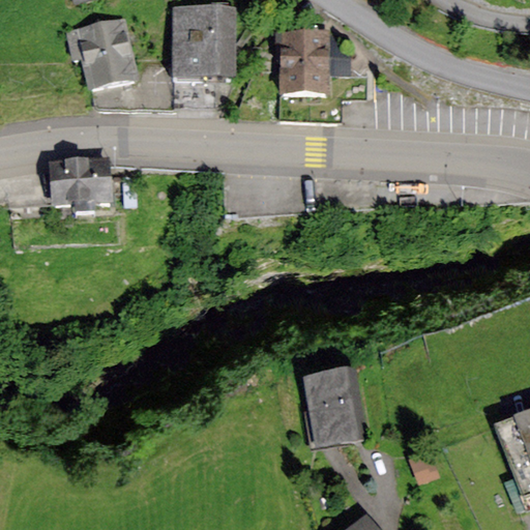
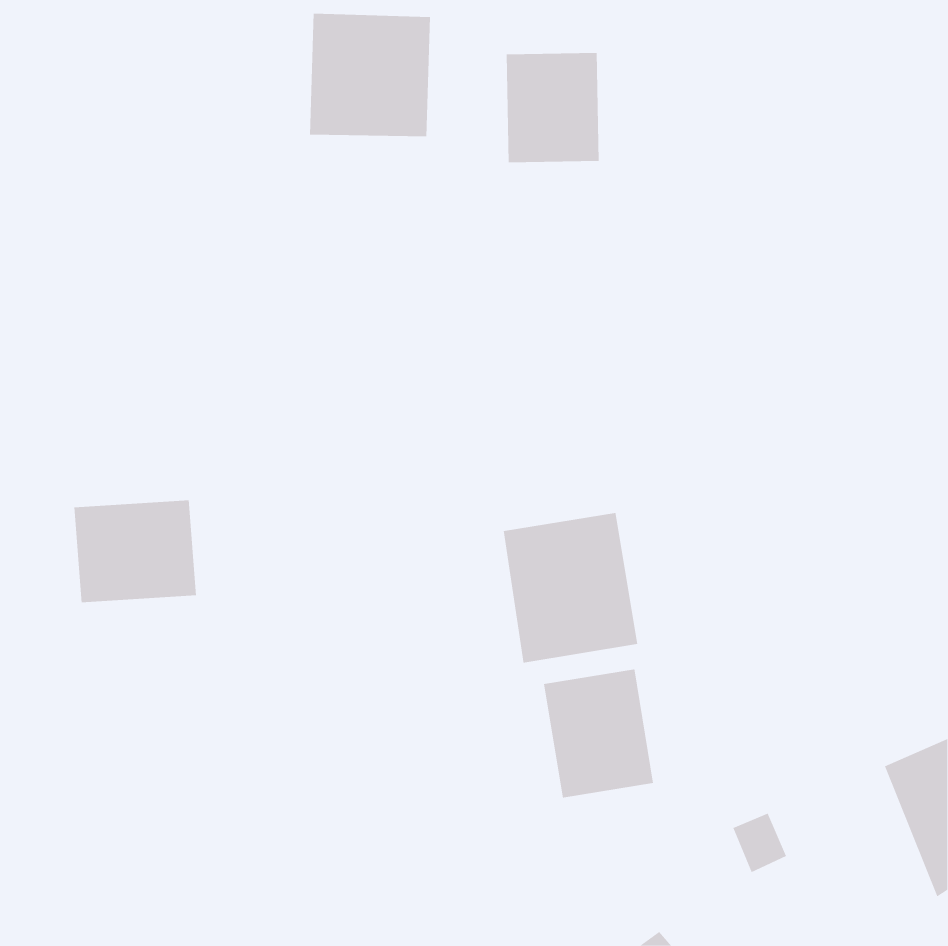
building: [83,14,142,87] -> none
building: [49,161,117,218] -> [73,500,197,603]
building: none -> [503,512,638,663]

